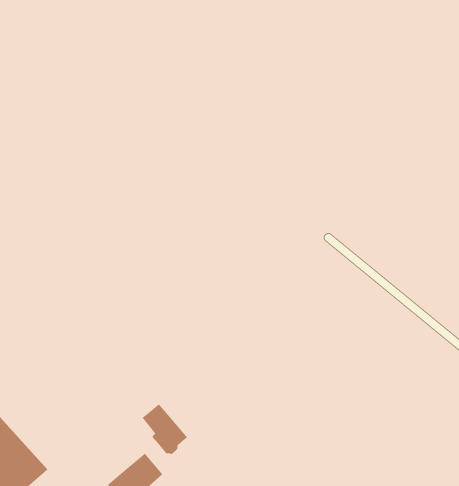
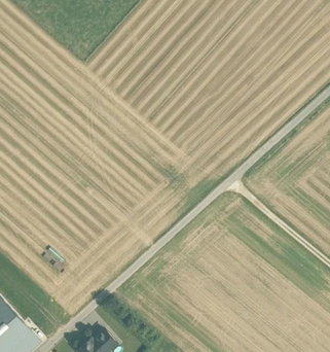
building: [142,403,188,455] -> none

